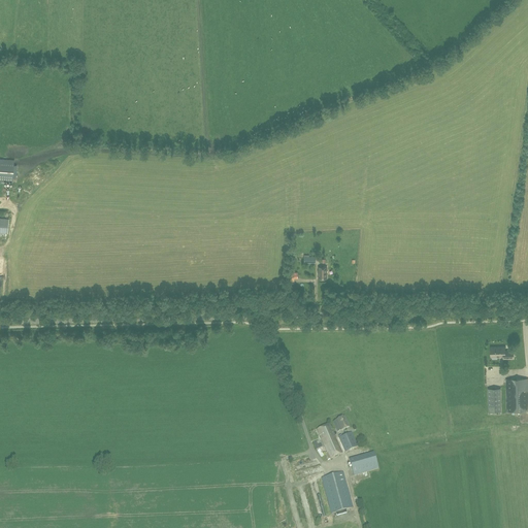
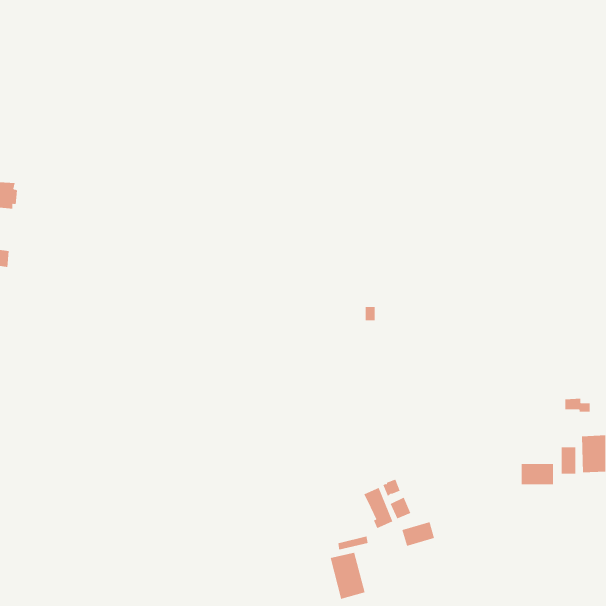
building: none -> [521,463,554,485]
building: [321,471,352,513] -> [330,552,365,600]

